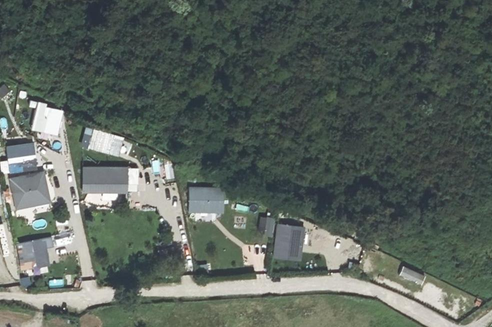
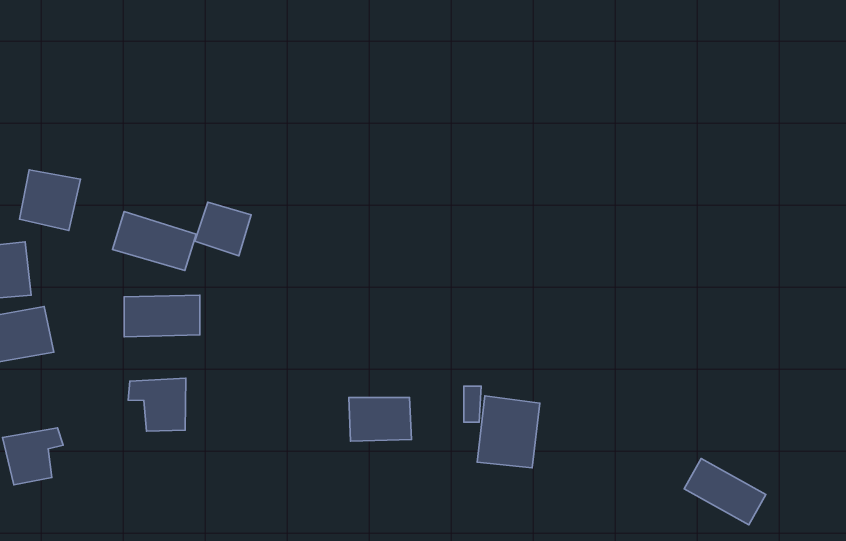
building: none -> [195,202,251,256]
building: [189,190,222,213] -> [349,398,411,441]
building: none -> [128,378,186,431]

